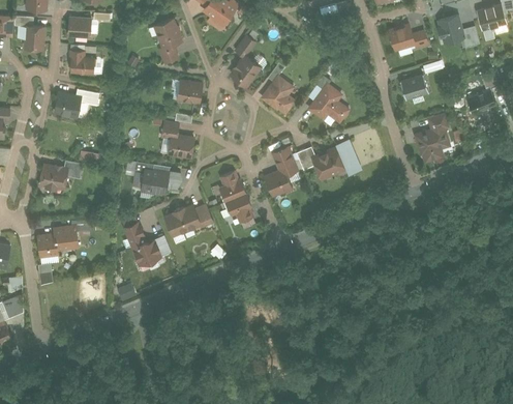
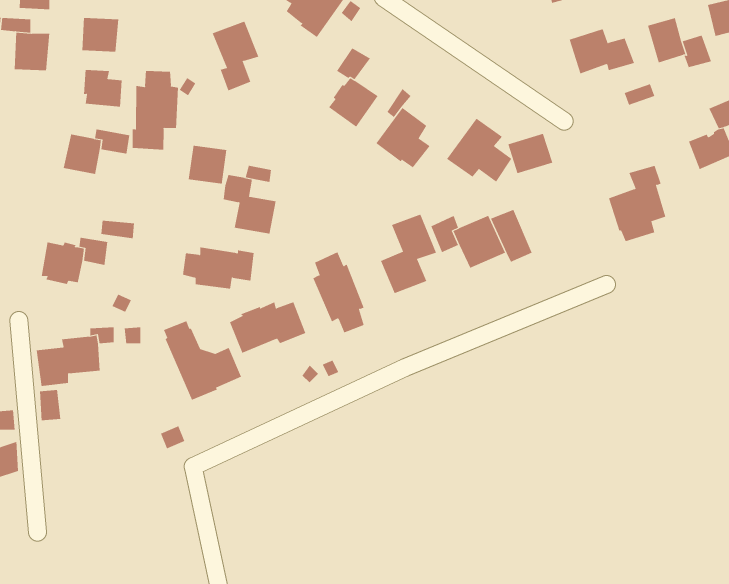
building: none -> [132,70,178,151]
building: [399,73,429,99] -> [507,133,553,174]
building: [177,78,203,104] -> [188,145,227,184]

